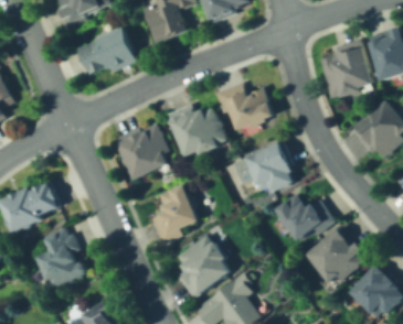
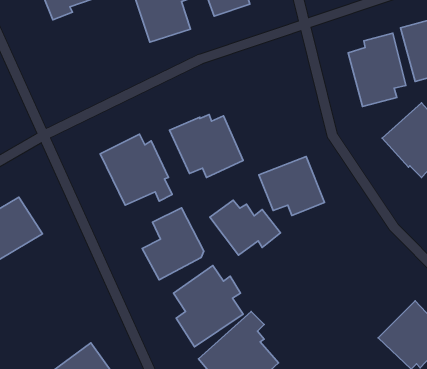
building: [74,24,139,77] -> none
building: [226,82,279,130] -> none
building: [275,193,335,239] -> [210,200,281,255]
building: [301,224,361,284] -> none
building: [35,227,84,288] -> none

